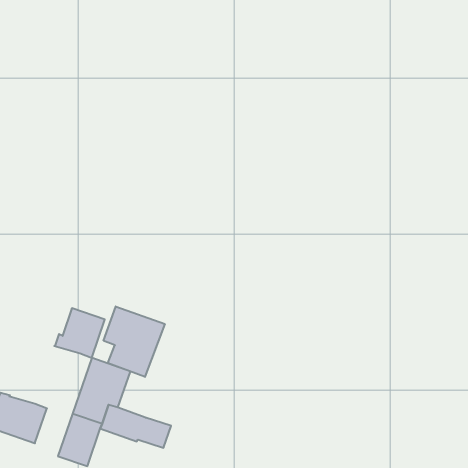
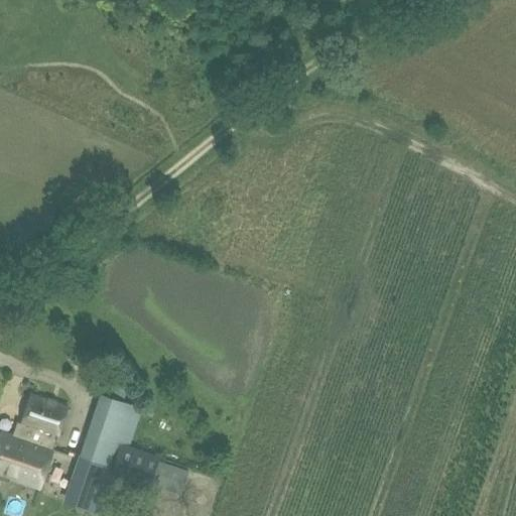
building: [104,306,165,377] -> none
building: [54,308,105,358] -> [10,395,66,449]

